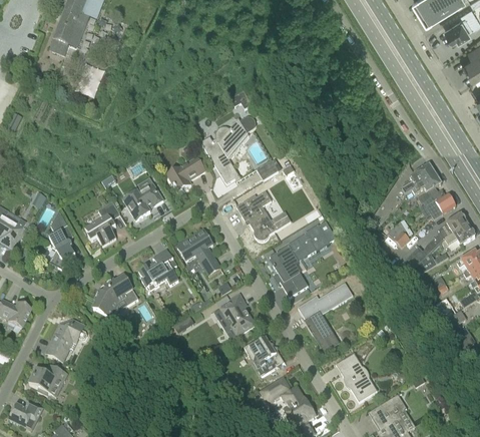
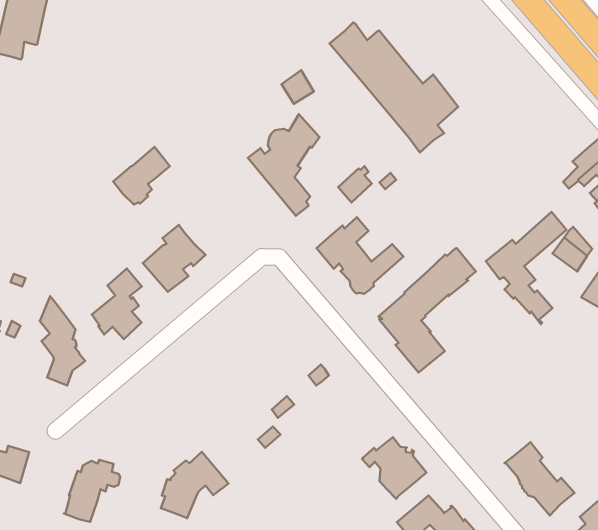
building: none -> [330,22,458,152]
building: [166,156,204,191] -> [113,147,170,205]
building: [176,229,220,276] -> none
building: [138,250,178,288] -> none
building: [92,276,138,317] -> [161,452,229,518]
building: [298,282,353,353] -> [486,212,567,324]
building: [214,294,254,335] -> none

